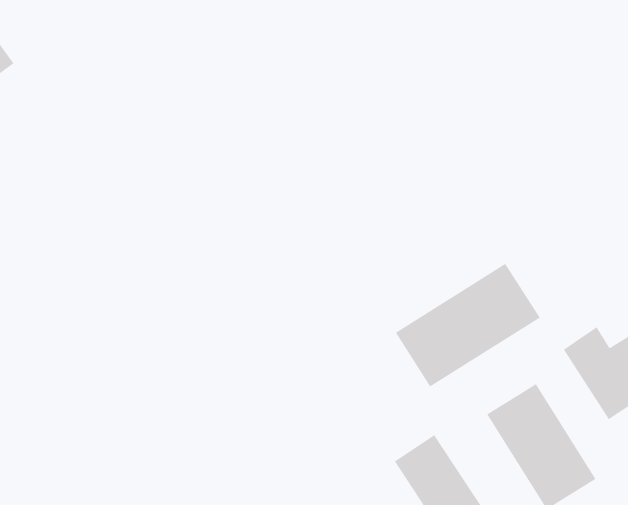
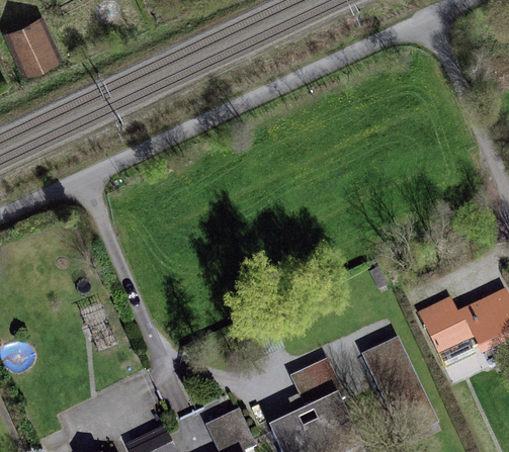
building: [395,263,541,387] -> none

